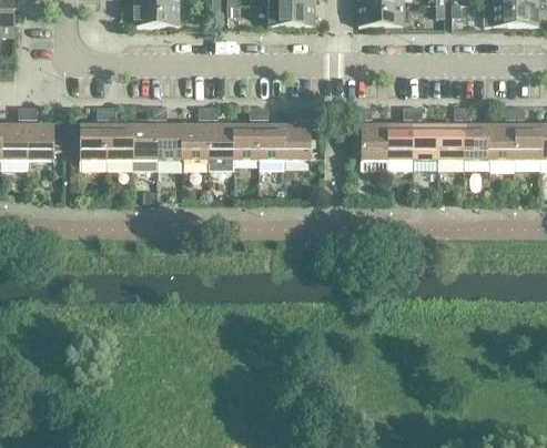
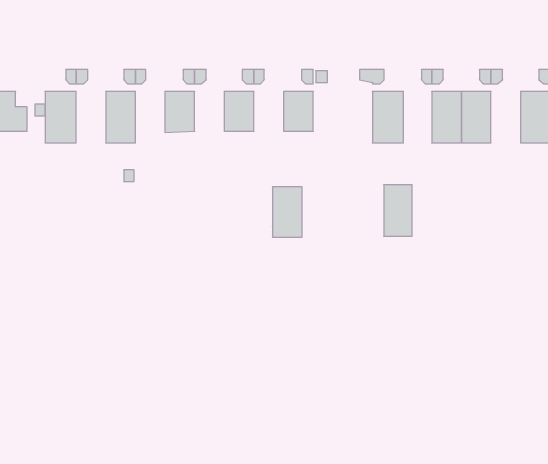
building: [105,123,131,167] -> none
building: [156,123,182,167] -> none
building: [207,123,233,167] -> none
building: [259,123,284,166] -> [272,187,302,237]
building: [387,123,412,167] -> [384,185,412,236]
building: [463,123,488,167] -> none

